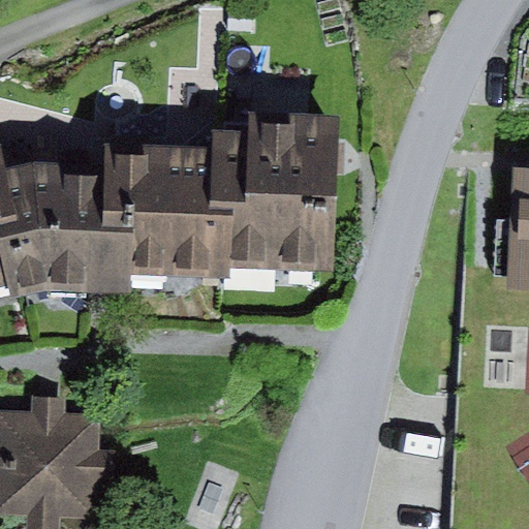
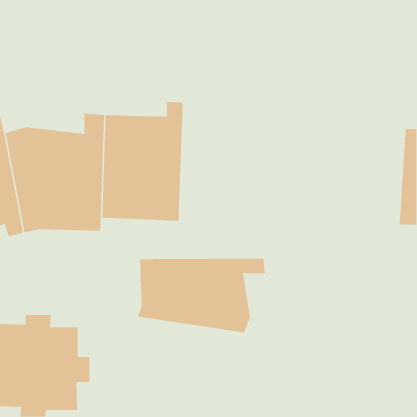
building: [226,111,339,273] -> none
building: none -> [137,258,265,333]

